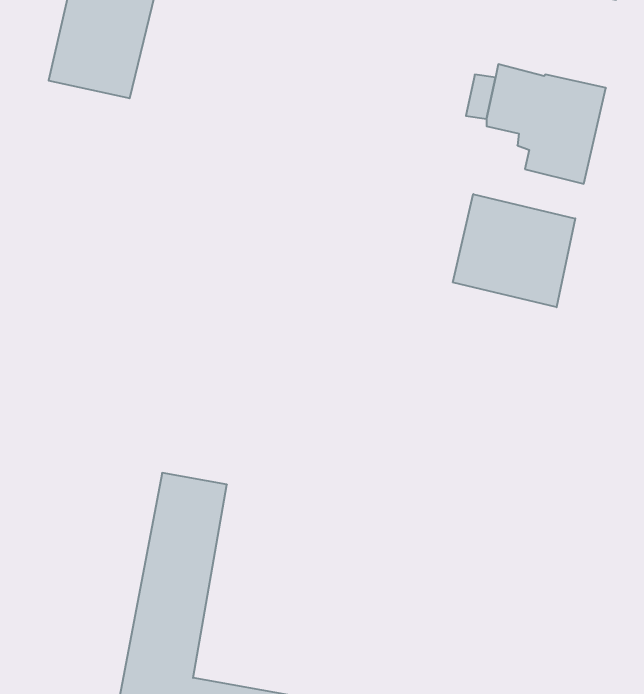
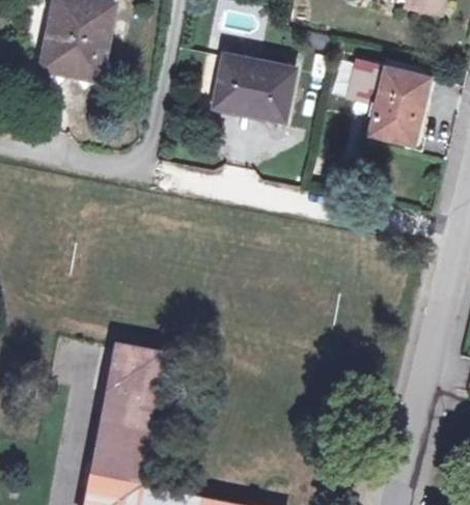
building: none -> [213,54,292,119]
building: [453,194,575,307] -> none

